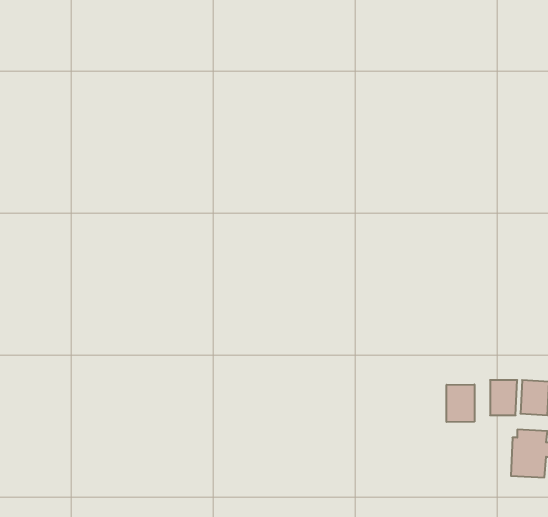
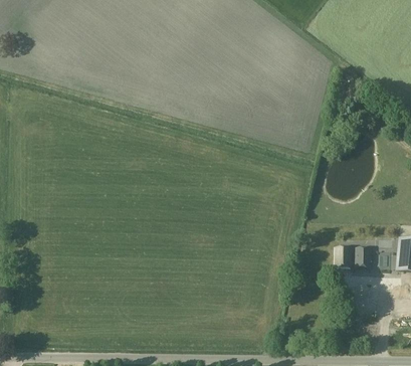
building: [447,384,474,422] -> none

